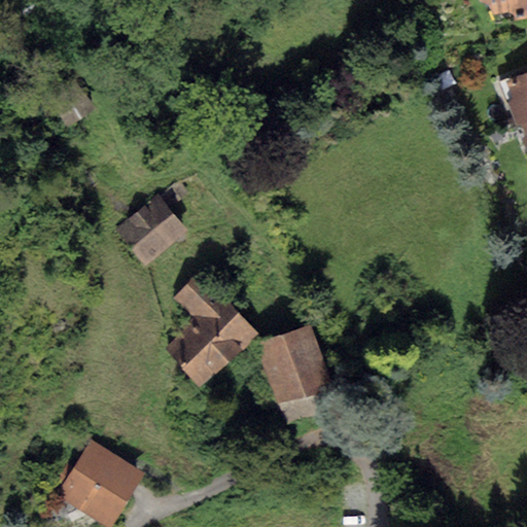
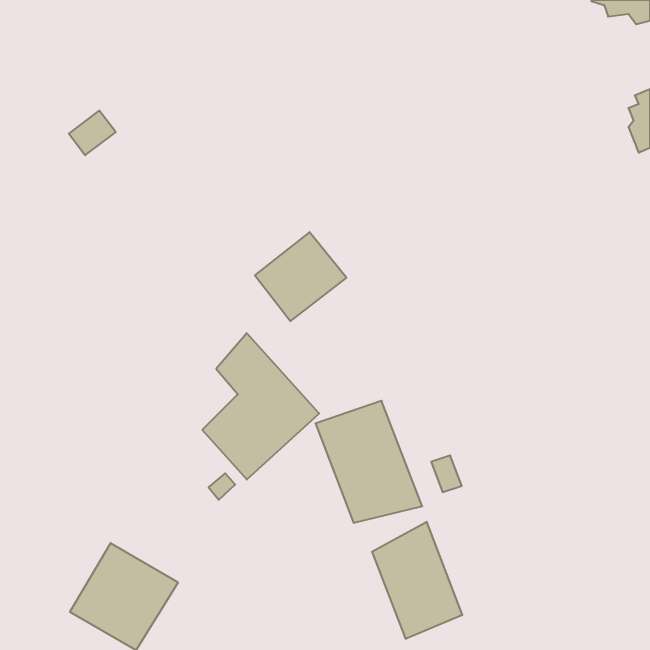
building: [116,194,190,266] -> [255,232,346,321]
building: none -> [372,522,462,639]

